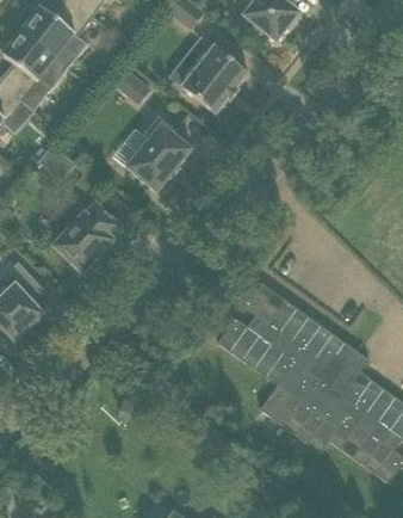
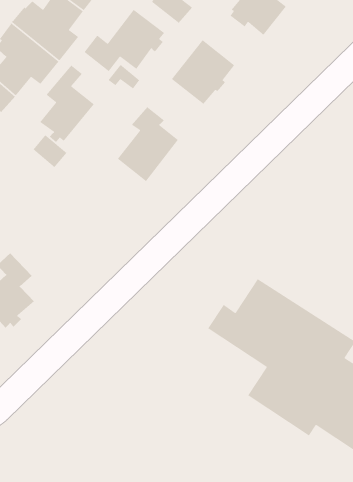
building: none -> [84,9,165,72]
building: none -> [39,64,95,143]
building: [54,203,118,278] -> none

